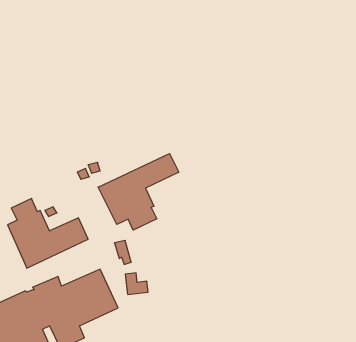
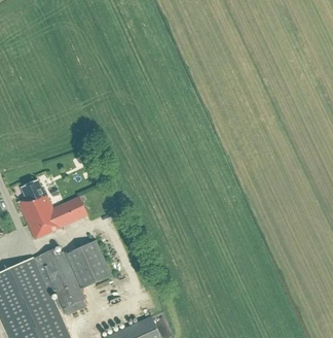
building: [98,154,179,230] -> none

